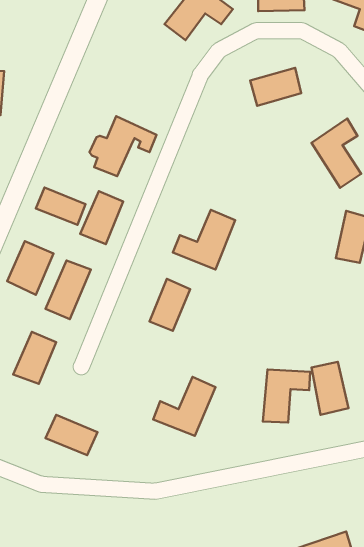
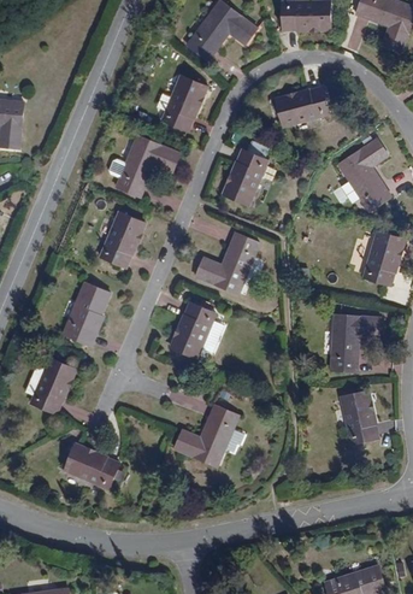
building: none -> [161,75,206,131]
building: none -> [223,149,269,206]
building: [36,187,85,225] -> none
building: [7,241,54,295] -> none
building: [263,369,310,423] -> [331,317,380,372]

